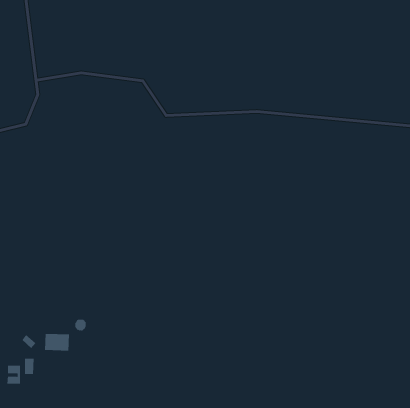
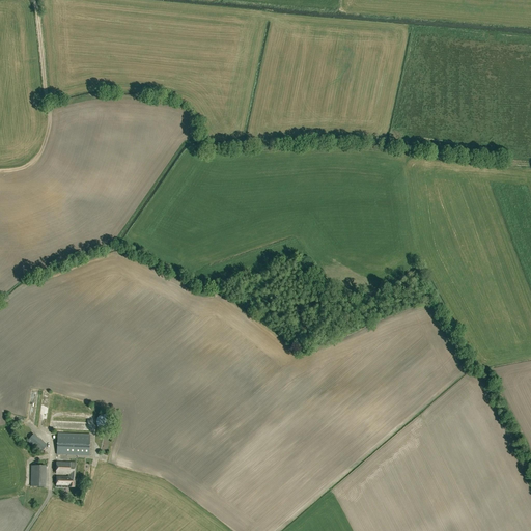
building: [7,365,21,384] -> [56,460,75,485]

